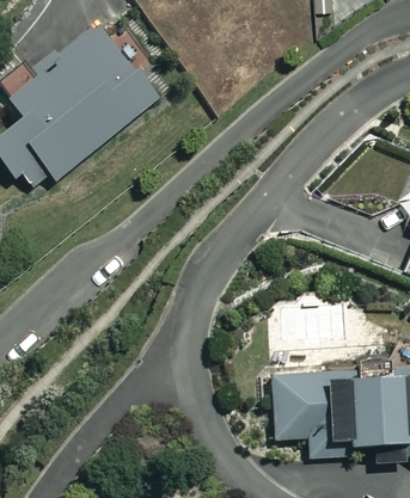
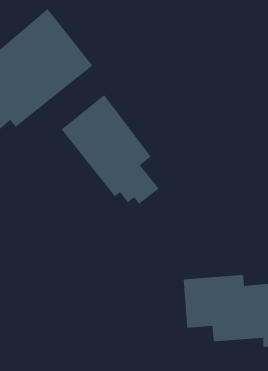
building: none -> [61,94,160,204]

